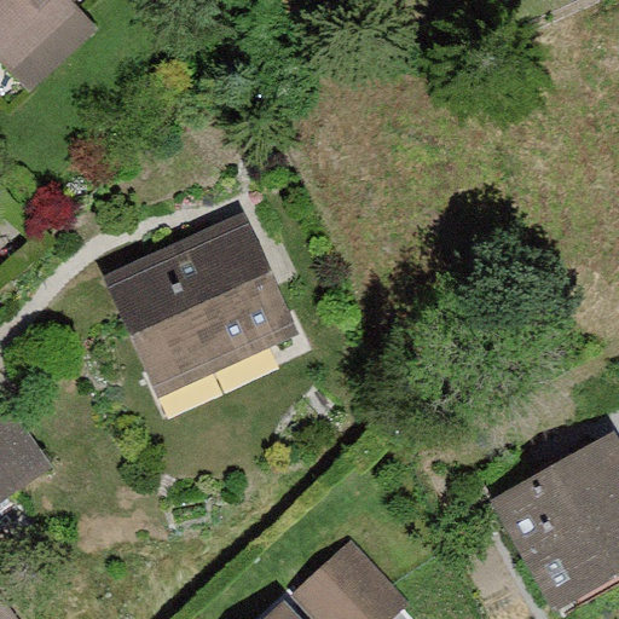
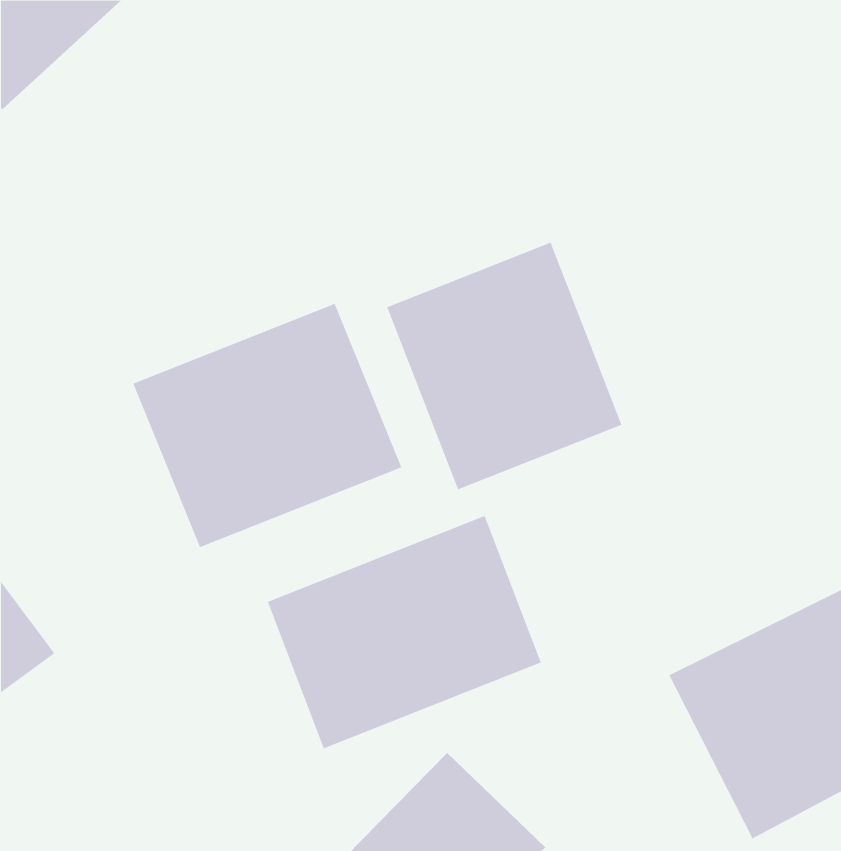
building: none -> [387,242,622,490]
building: none -> [267,515,542,749]

